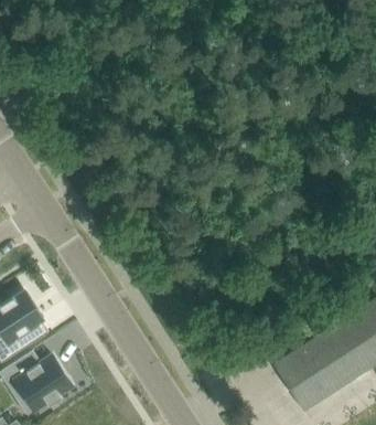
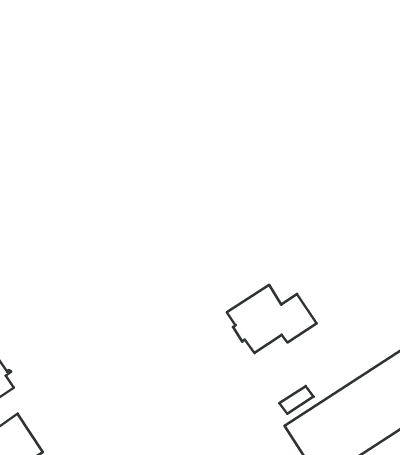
building: none -> [227,285,317,353]

